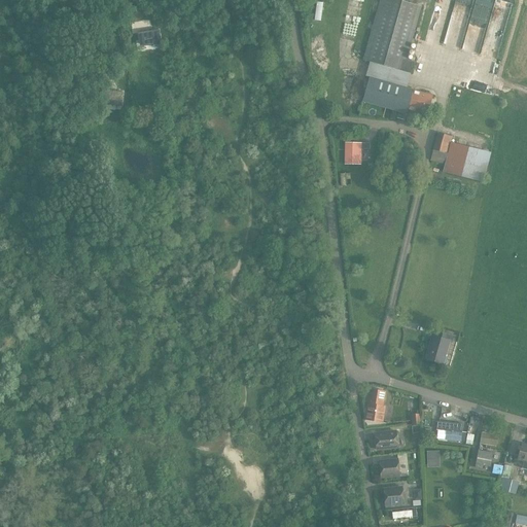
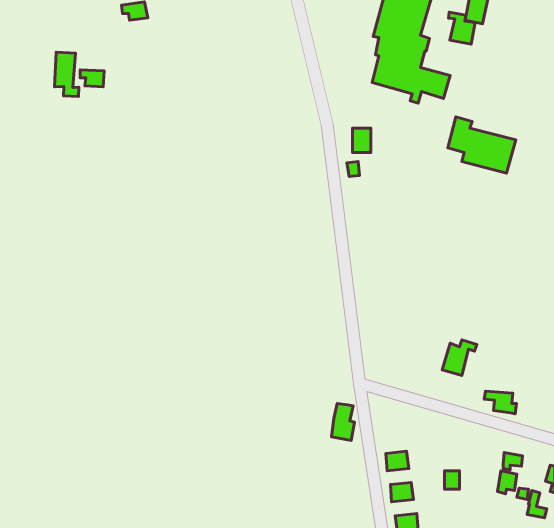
building: none -> [448,12,475,44]
building: none -> [54,52,79,96]
building: [364,388,385,421] -> [331,404,354,440]
building: [436,420,465,441] -> [484,391,516,414]

